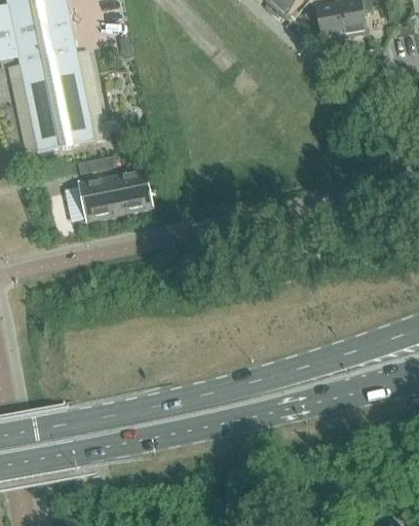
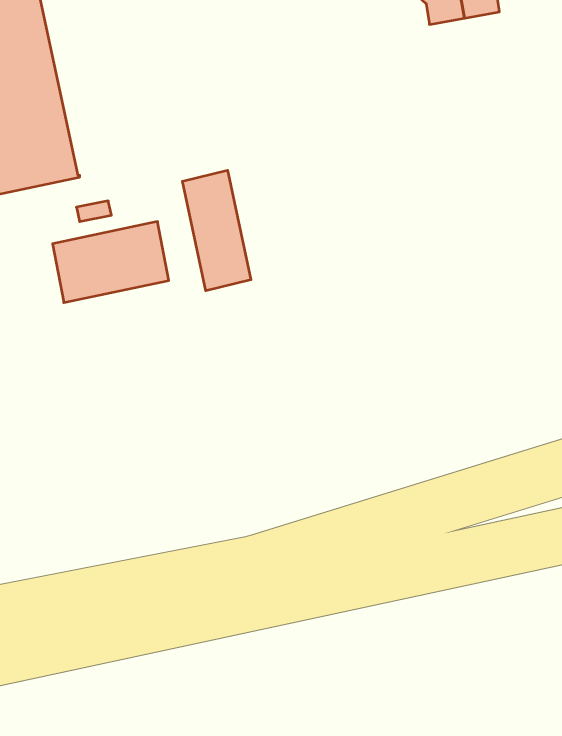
building: none -> [182,170,251,291]

